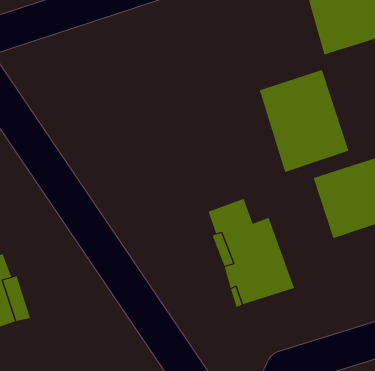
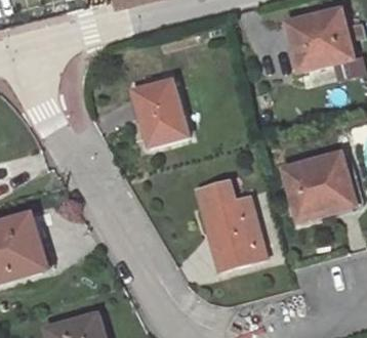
building: [259,69,349,173] -> none
building: none -> [136,79,186,142]

